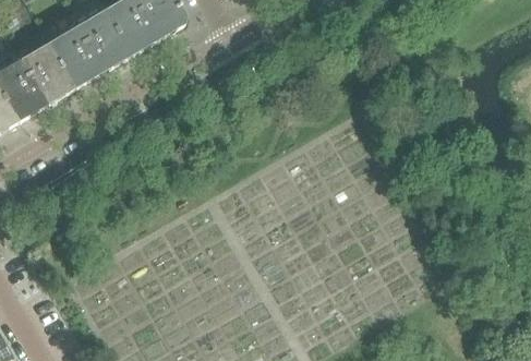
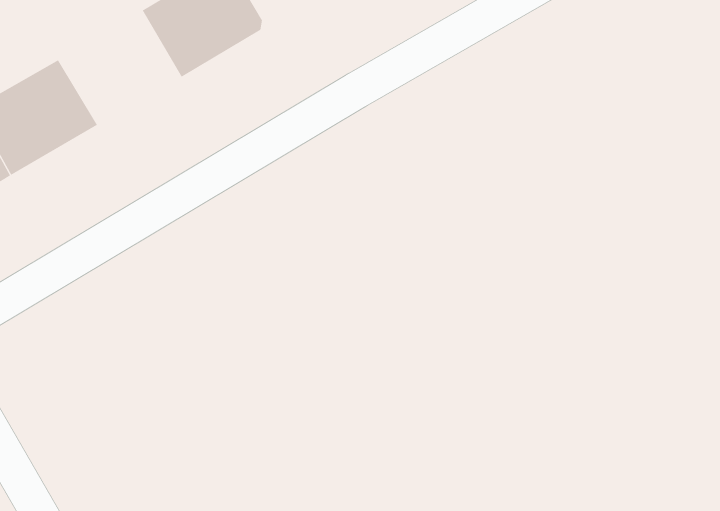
building: [49,9,131,85] -> none

